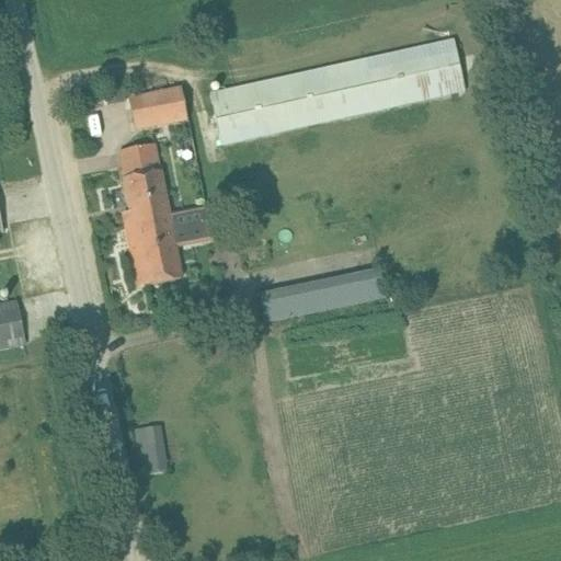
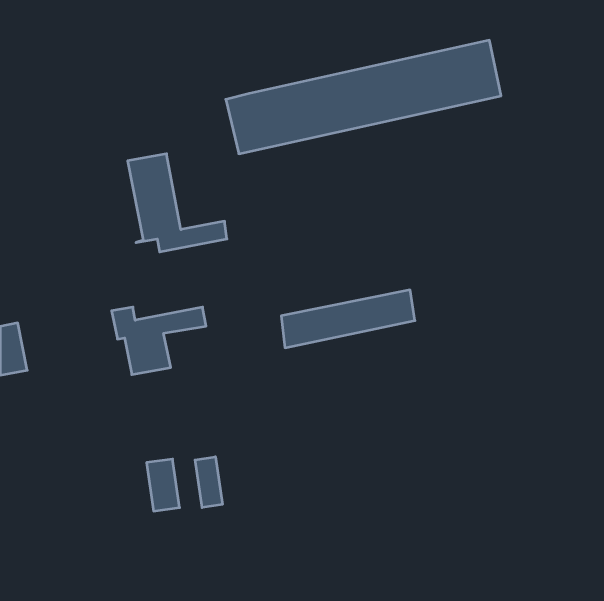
building: [127,85,187,129] -> none
building: [126,221,214,284] -> [112,307,206,375]
building: none -> [195,457,222,508]

